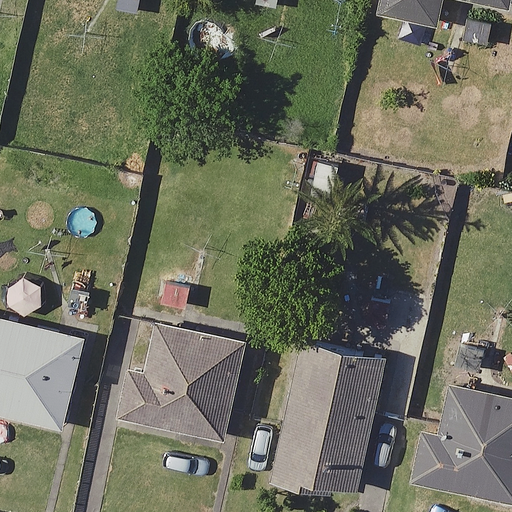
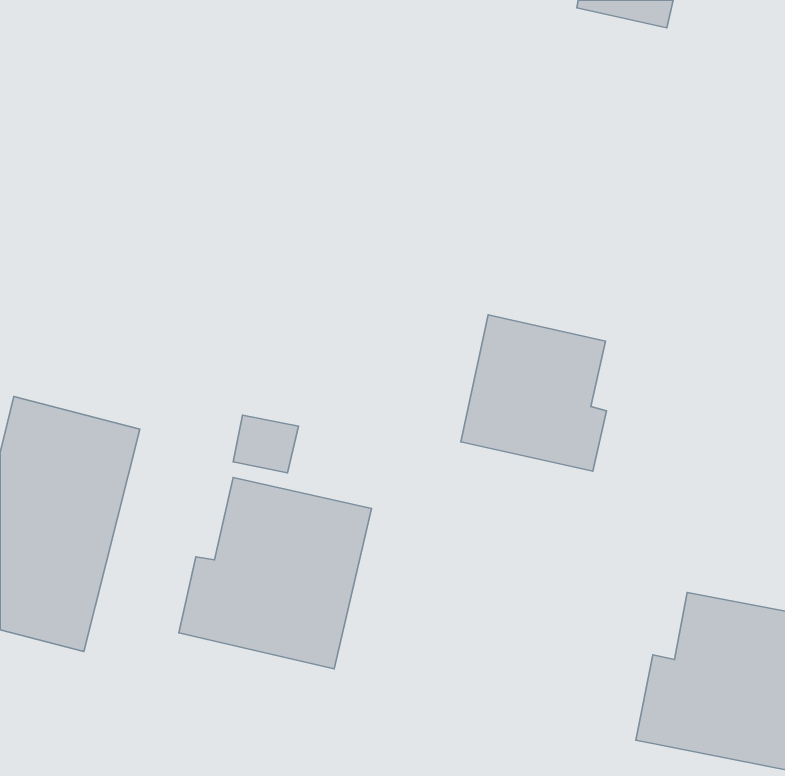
building: none -> [461,315,606,471]
building: [269,343,383,497] -> none

